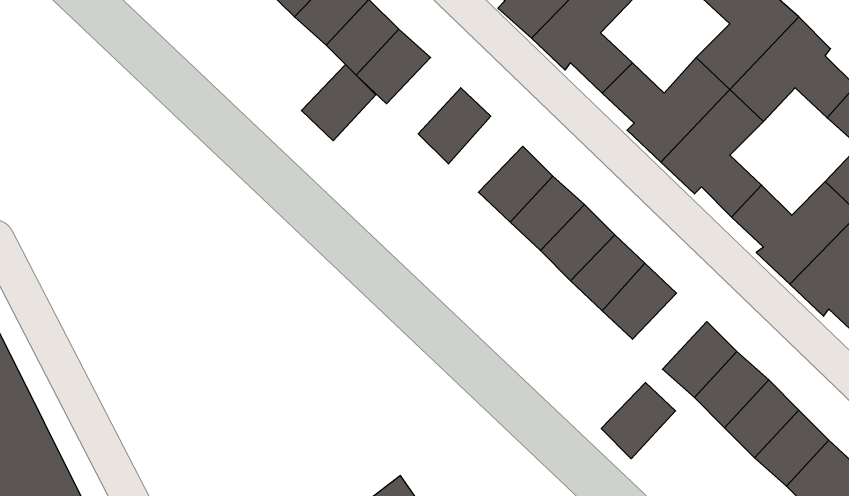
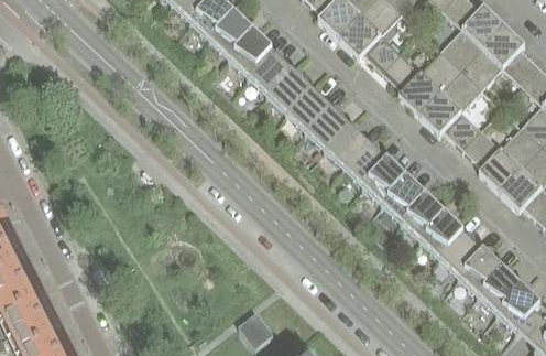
building: [301,65,376,141] -> [249,48,295,96]
building: none -> [287,85,334,132]
building: [601,383,676,459] -> [402,195,448,242]

